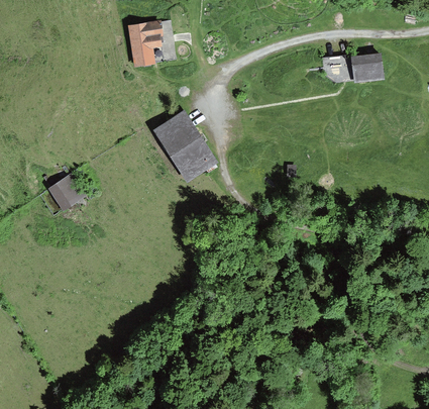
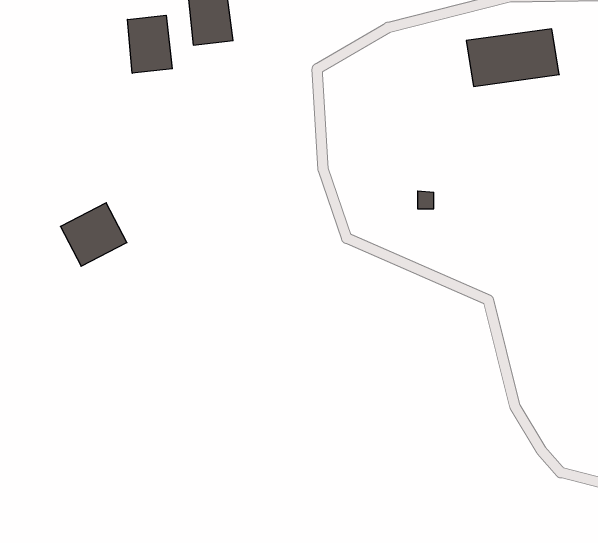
building: none -> [127,15,172,73]
building: [152,112,214,179] -> none

